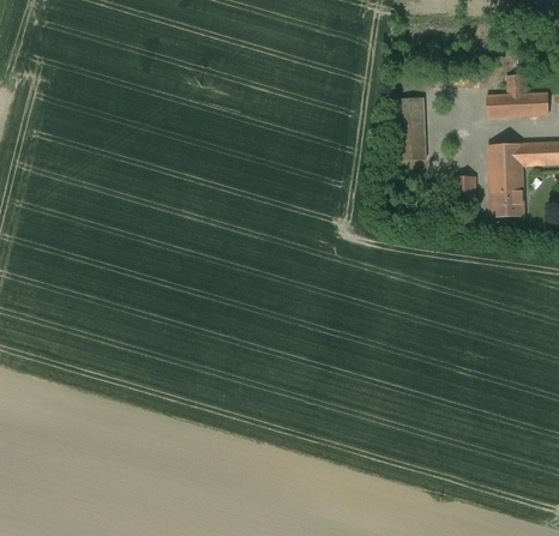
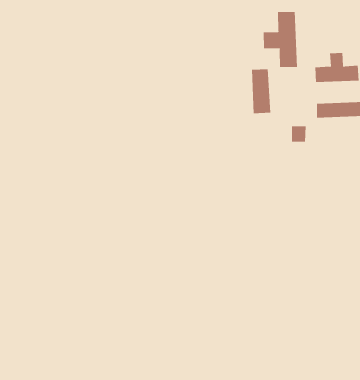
building: none -> [263,11,298,68]
building: [488,164,523,217] -> none

